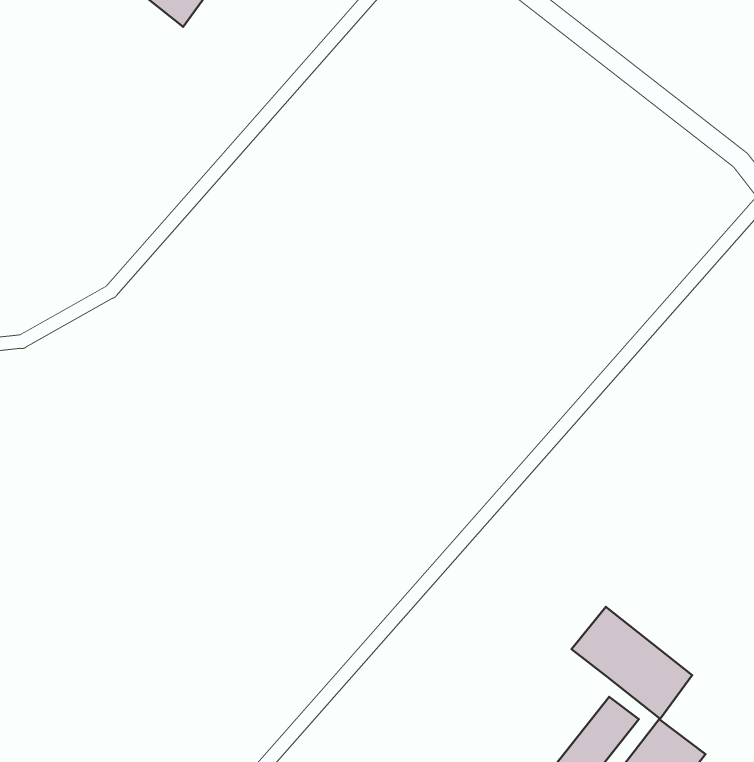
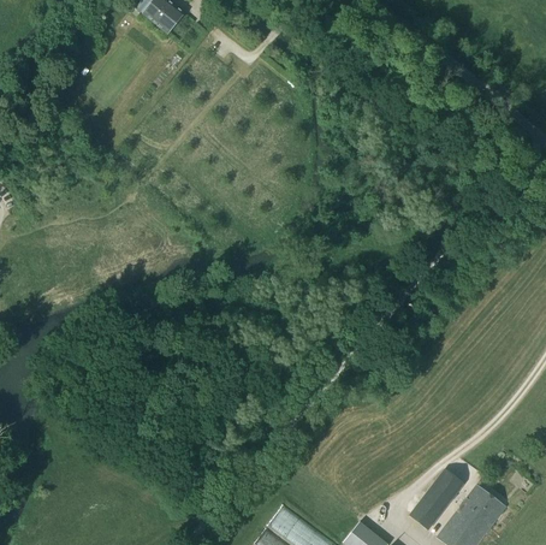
building: [572,607,692,719] -> none

